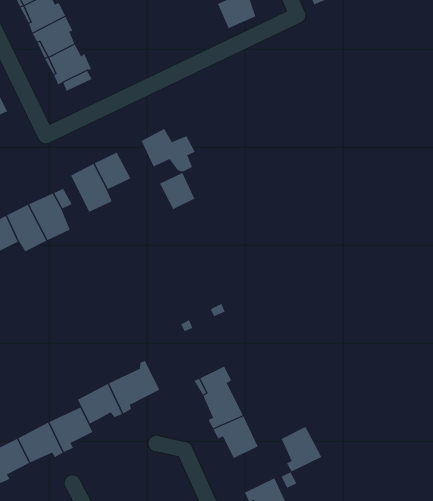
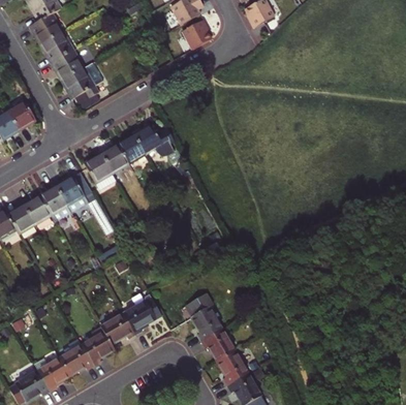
building: [159,172,195,210] -> [118,134,145,162]
building: [281,426,322,472] -> [218,350,249,384]

